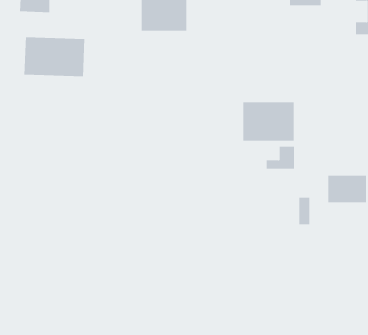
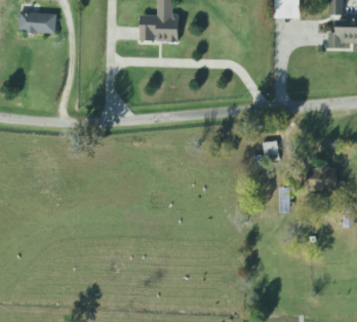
building: [24,36,85,77] -> none
building: [243,102,294,142] -> none

